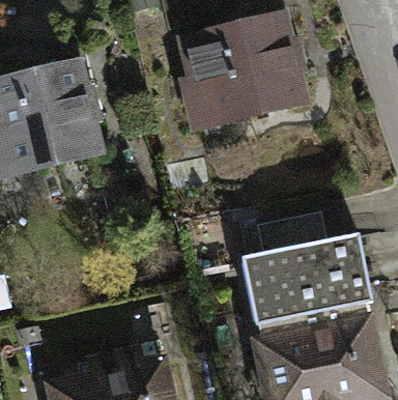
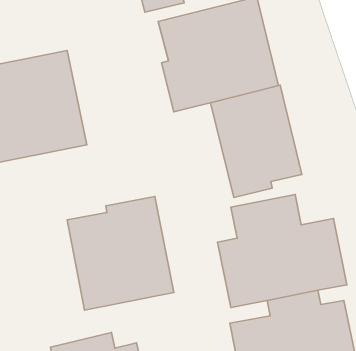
building: none -> [211,85,302,197]
building: none -> [67,197,174,310]

